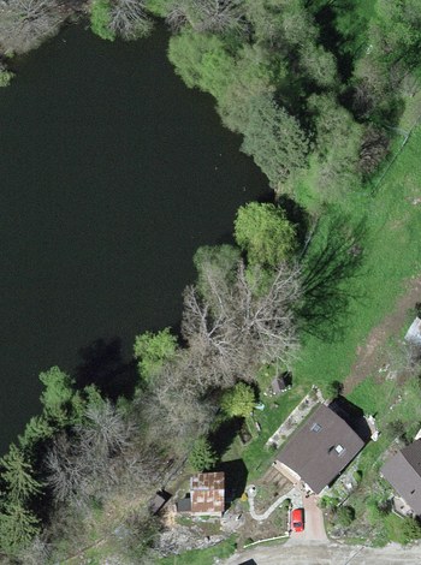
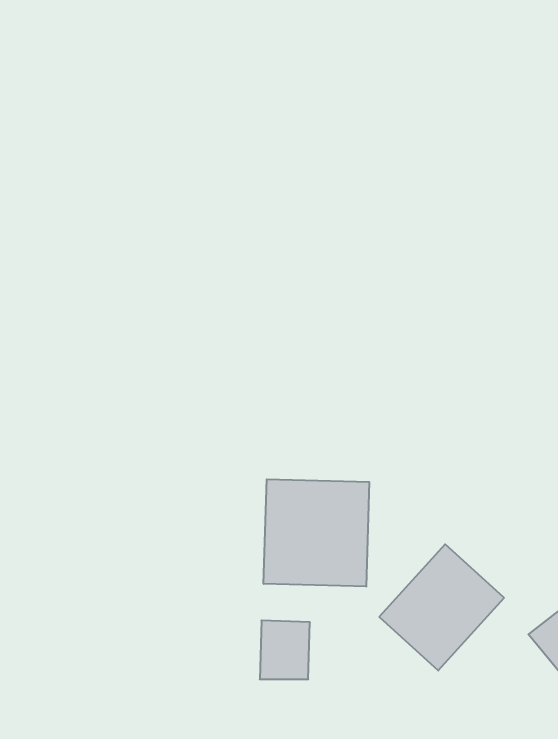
building: none -> [264,479,369,587]

